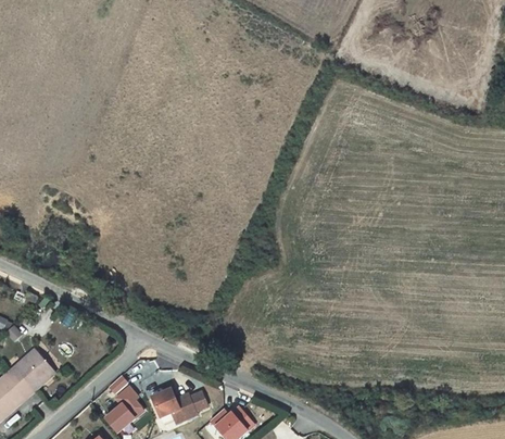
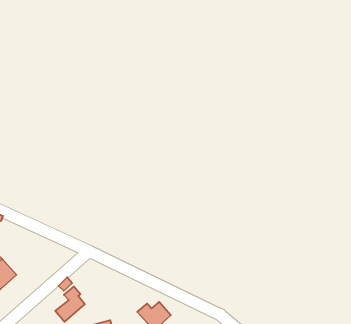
building: [151,389,206,423] -> none

